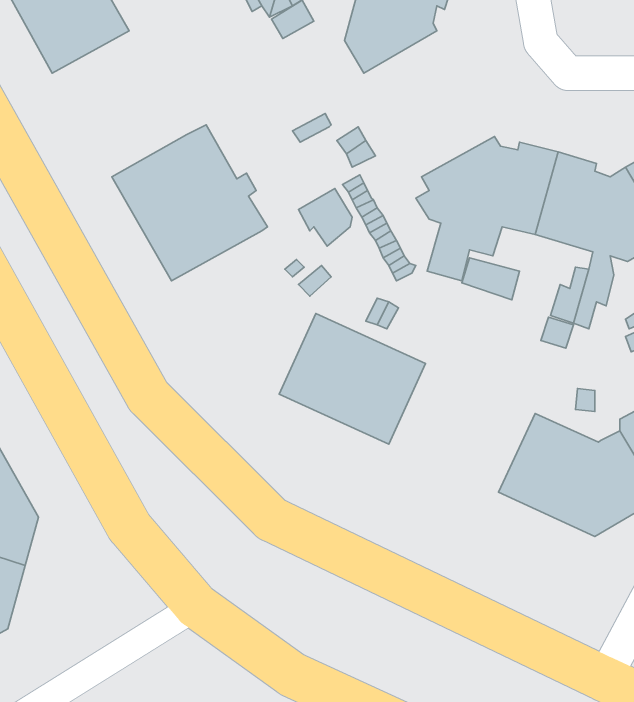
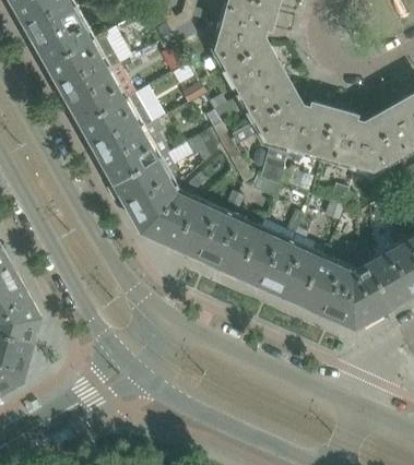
building: none -> [47,34,130,123]
building: none -> [224,40,298,123]
building: none -> [115,154,197,247]
building: none -> [238,211,321,302]

